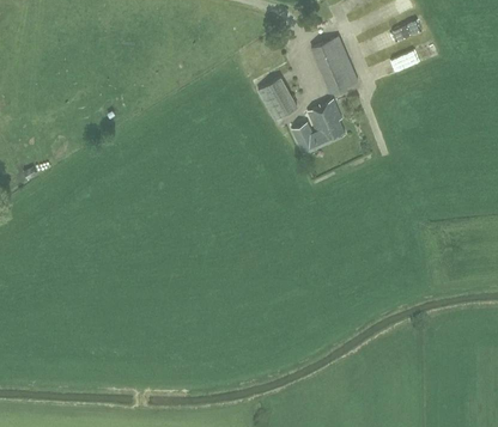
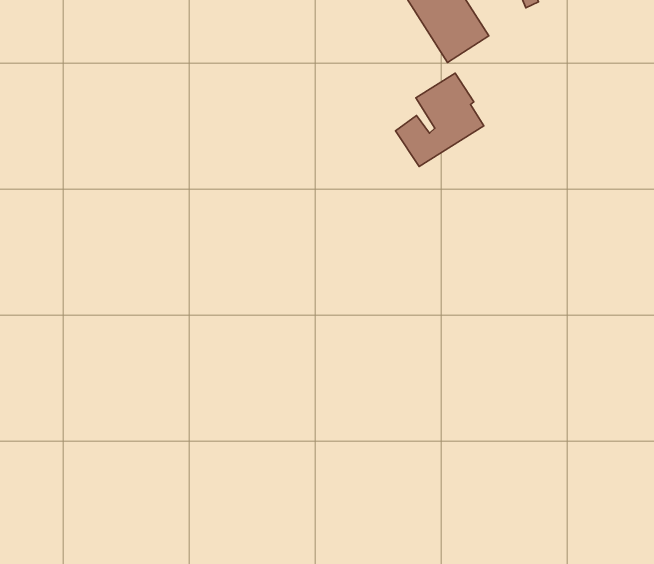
building: [257,78,297,120] -> none

